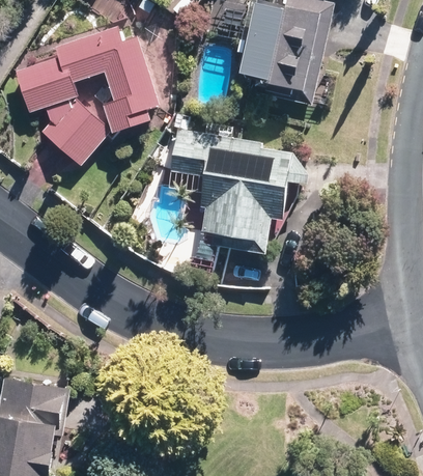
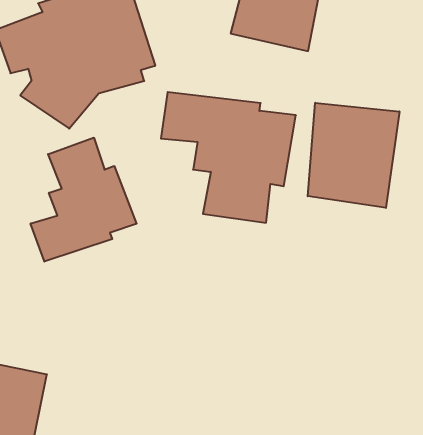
building: none -> [308,103,399,208]
building: none -> [31,138,137,262]

